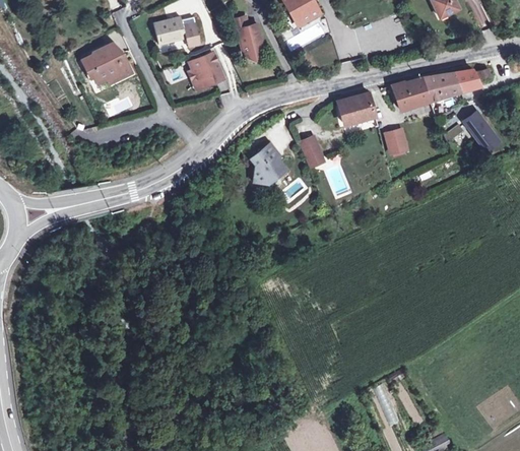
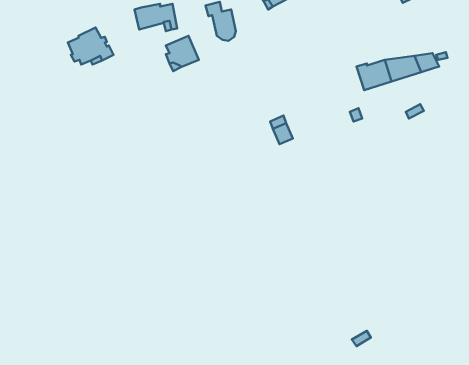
building: [337,92,375,124] -> none
building: [466,112,502,152] -> none
building: [251,143,286,184] -> none

